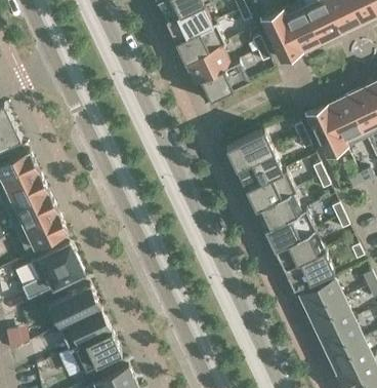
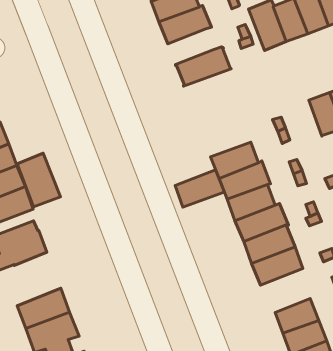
building: [185,44,231,81] -> none
building: [305,106,346,155] -> none
building: [226,129,275,168] -> [175,170,224,207]
building: none -> [17,153,60,207]
building: [300,278,343,315] -> none
building: [48,285,100,328] -> none

